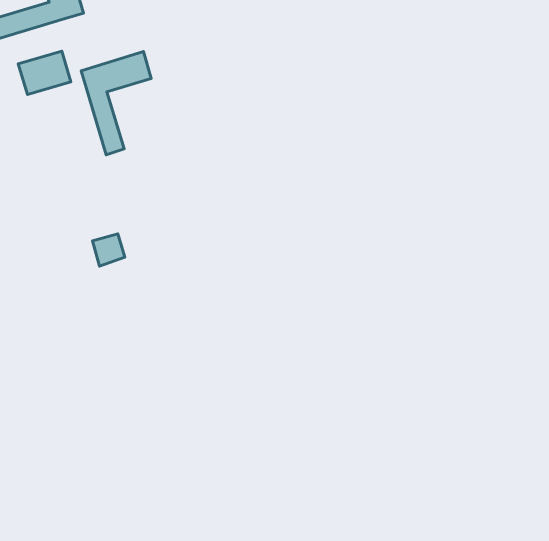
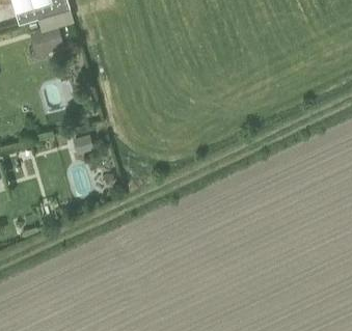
building: [81,51,151,155] -> none

